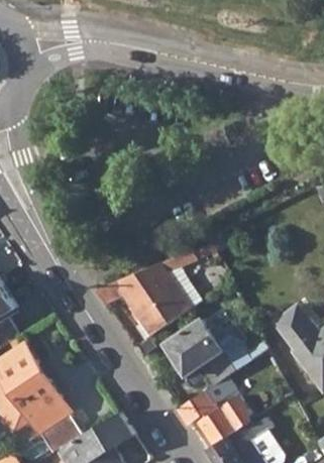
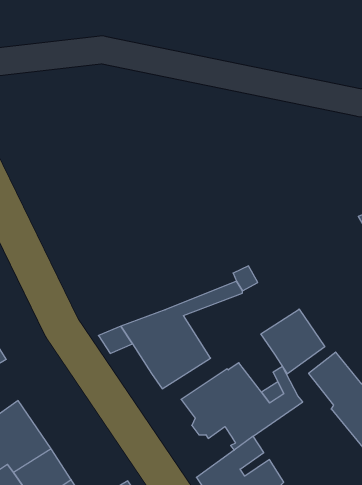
building: none -> [261,309,325,374]

